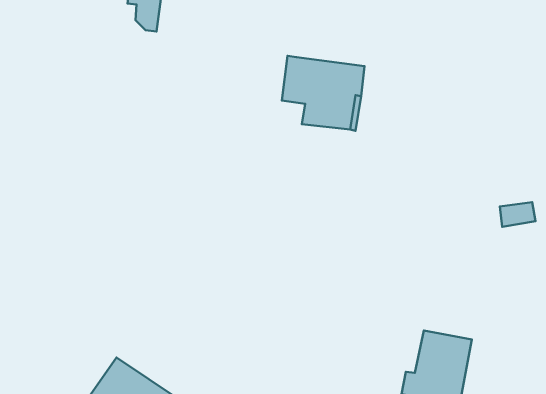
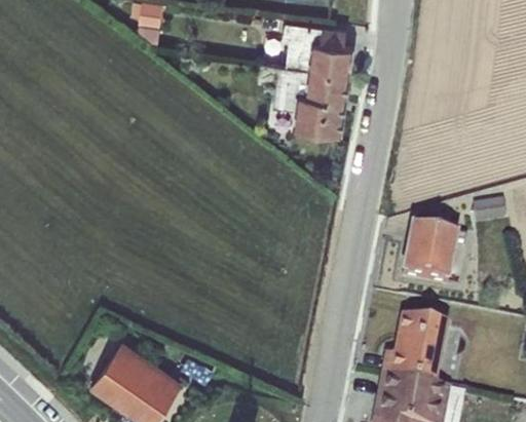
building: none -> [281,26,351,78]
building: none -> [401,230,464,289]

